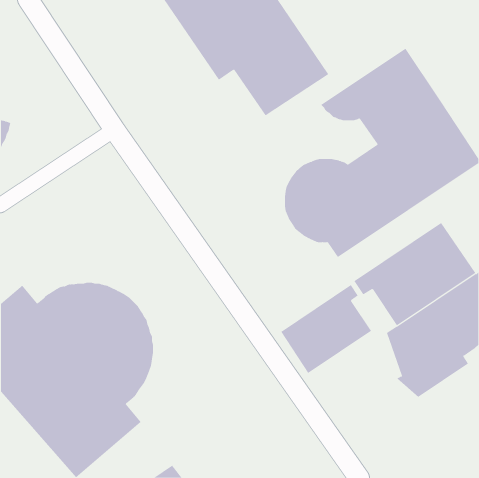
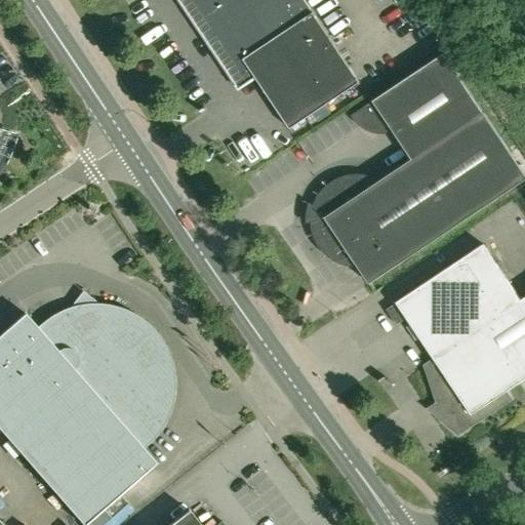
building: [280,284,372,374] -> none

